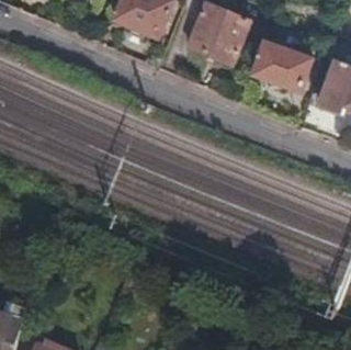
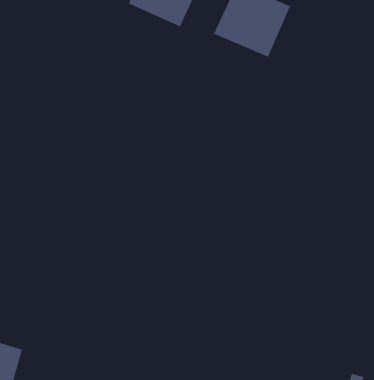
building: [252,41,312,90] -> none

